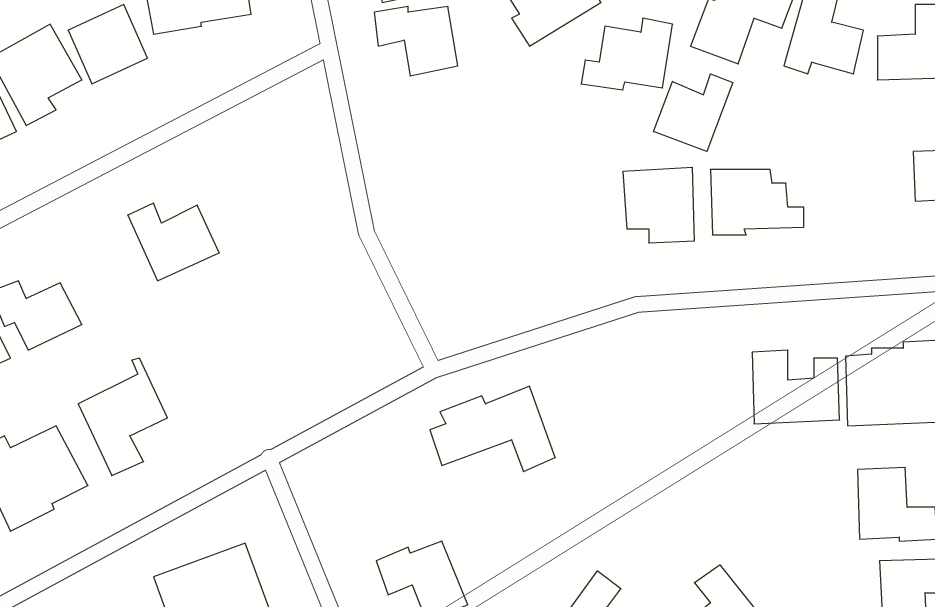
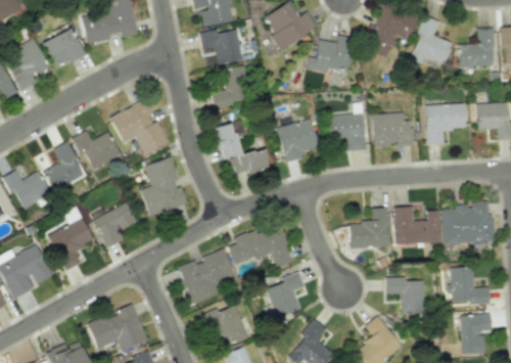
building: [654,74,733,151] -> none
building: none -> [212,66,249,107]
building: none -> [110,101,168,154]
building: none -> [426,104,466,145]
building: none -> [277,120,319,161]
building: none -> [212,121,269,176]
building: none -> [44,142,85,192]
building: none -> [140,157,186,217]
building: none -> [93,203,137,247]
building: none -> [350,208,389,248]
building: none -> [179,248,235,305]
building: none -> [266,274,306,323]
building: none -> [386,277,424,315]

